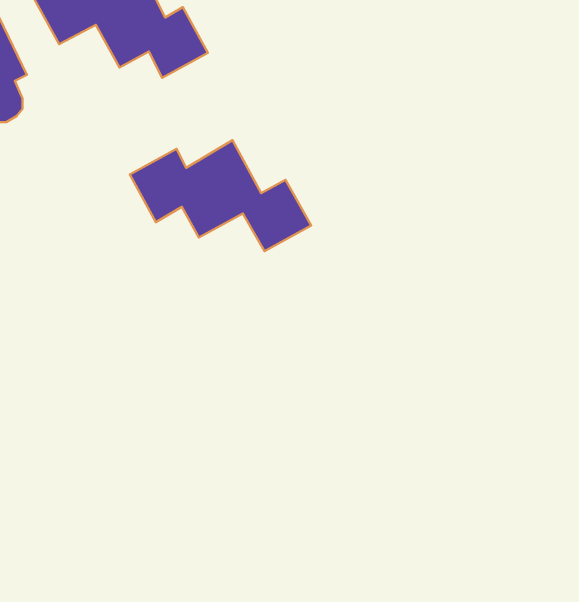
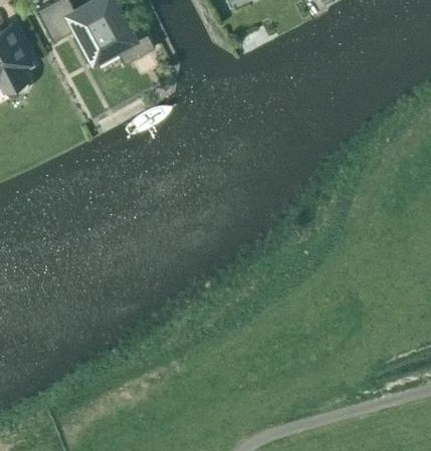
building: [130,140,311,251] -> none

